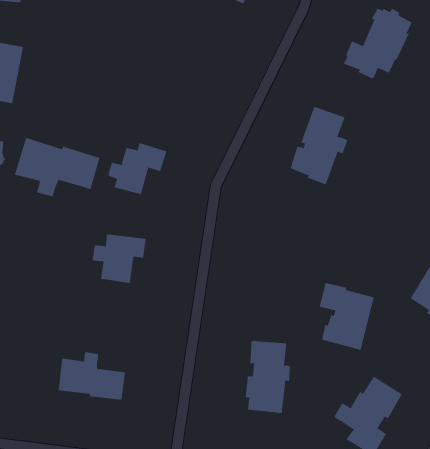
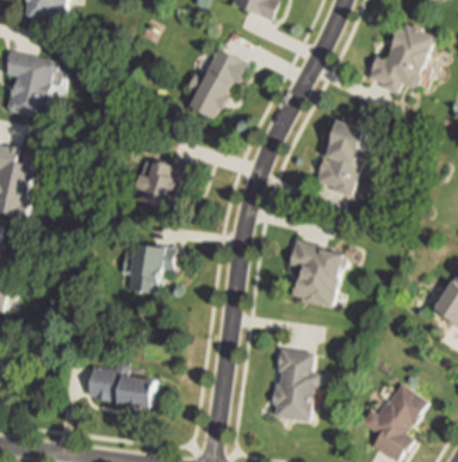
building: none -> [184,46,247,118]
building: [14,137,100,197] -> none
building: [319,283,375,351] -> [290,239,345,306]

